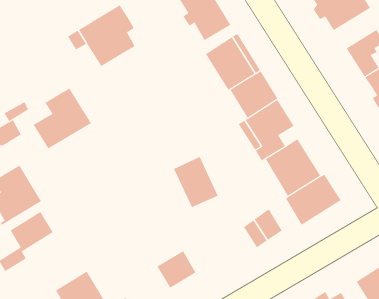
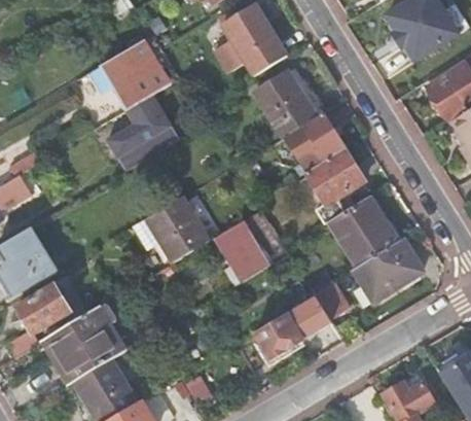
building: [33,88,92,149] -> [113,90,185,165]
building: none -> [145,196,207,261]
building: none -> [42,306,125,383]
building: [157,251,196,289] -> [255,312,303,358]

